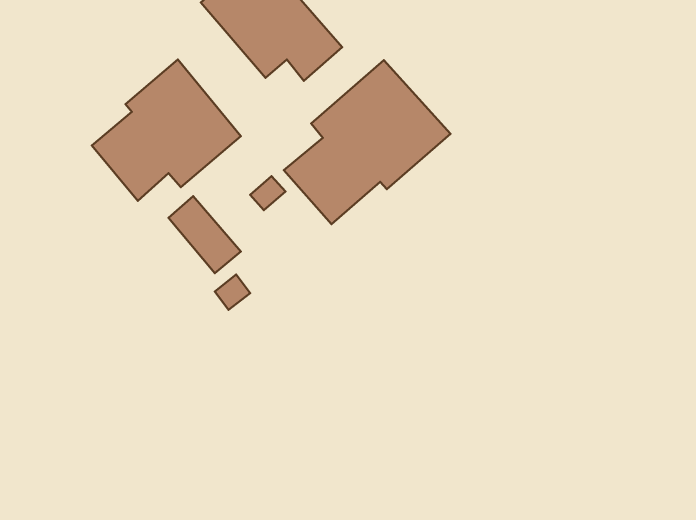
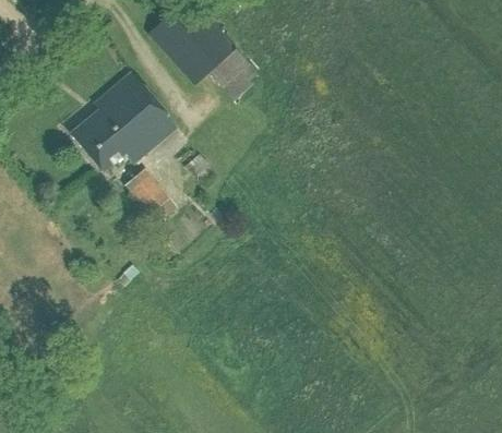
building: [284,60,450,224] -> none

